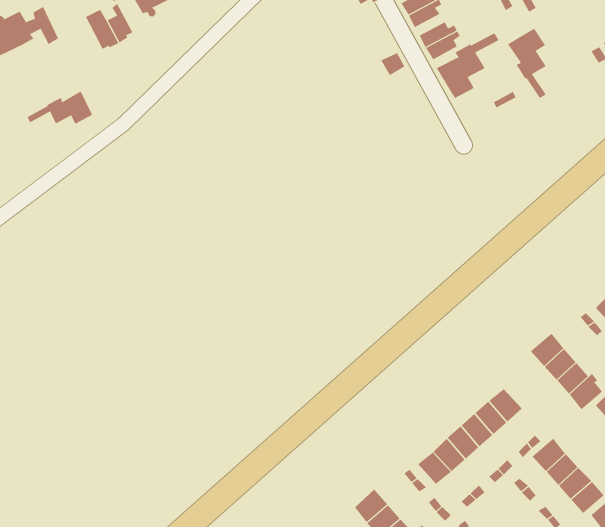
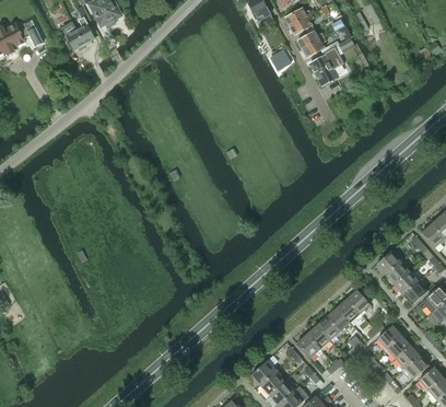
building: [507,28,547,99] -> none
building: [27,91,93,125] -> none

